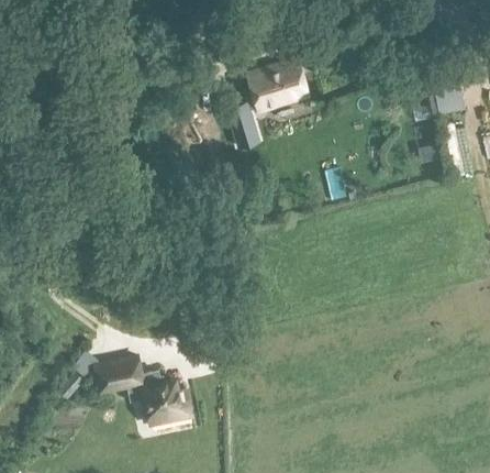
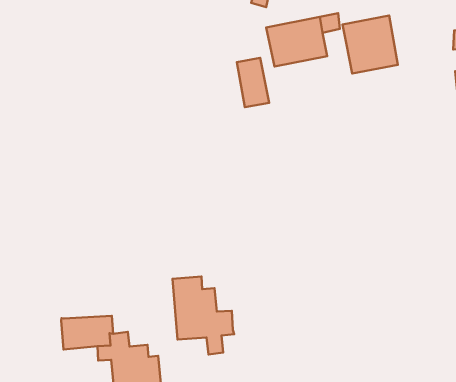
building: none -> [343,16,398,73]
building: none -> [172,277,234,354]

